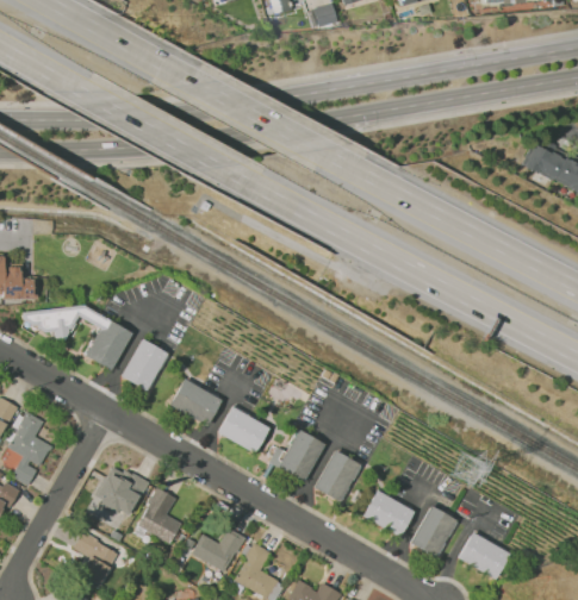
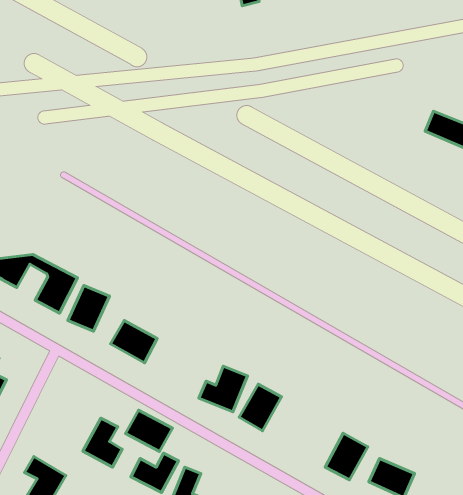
building: [217,406,269,452] -> [126,410,172,452]
building: [94,463,148,518] -> none
building: [362,489,415,536] -> none

